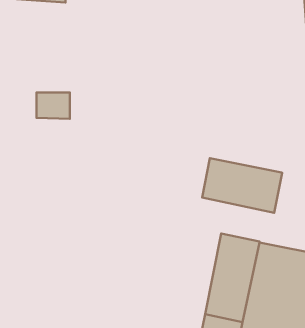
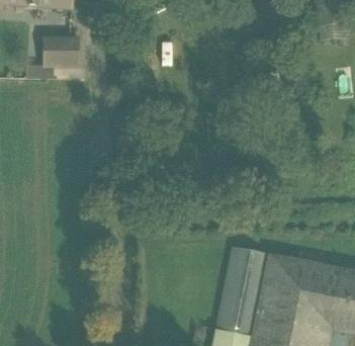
building: [36,92,70,119] -> [46,37,80,65]
building: [202,158,282,213] -> none

